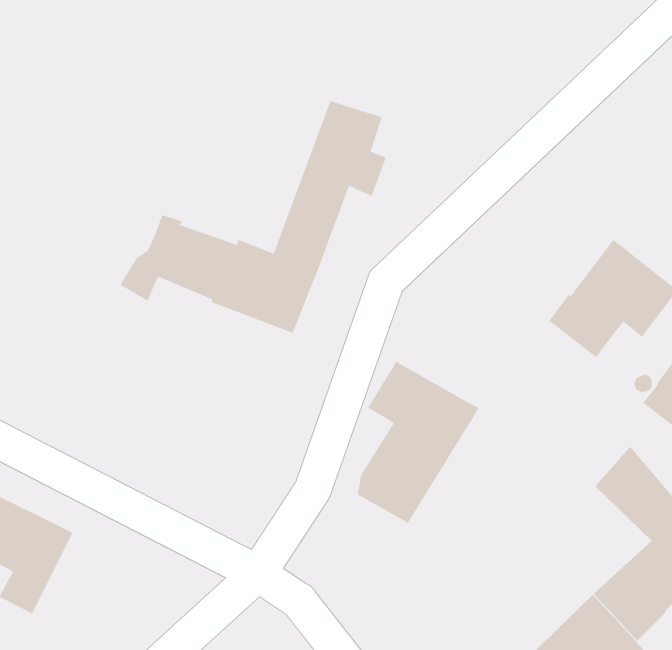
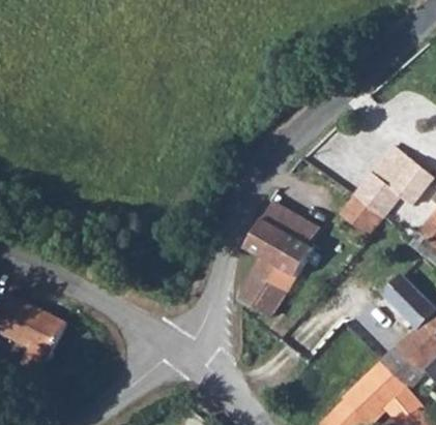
building: [119,100,387,334] -> none
building: none -> [340,195,383,238]
building: none -> [263,202,319,246]

